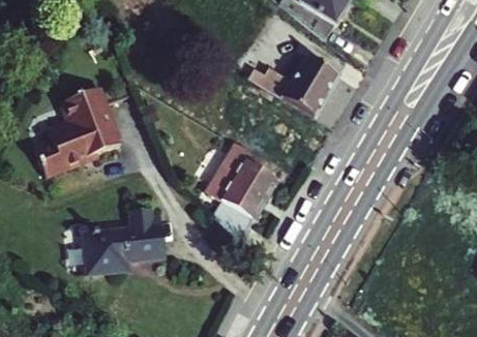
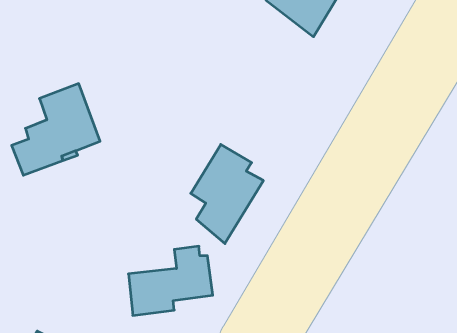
building: [247,56,338,117] -> none
building: [84,207,166,274] -> [128,246,213,315]

